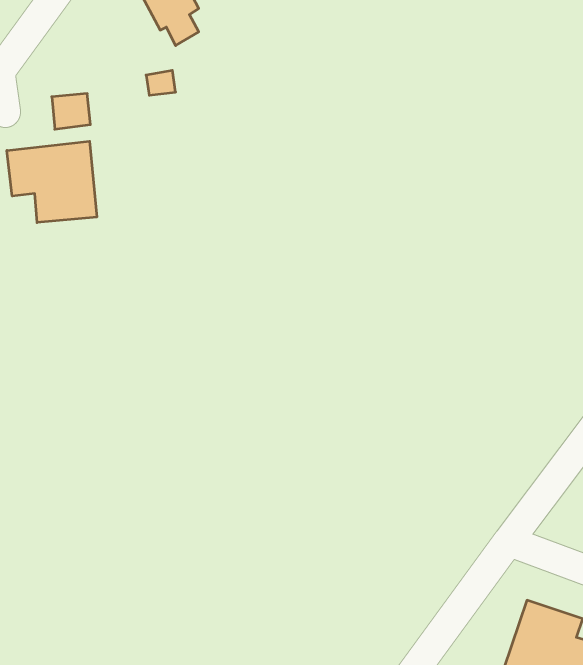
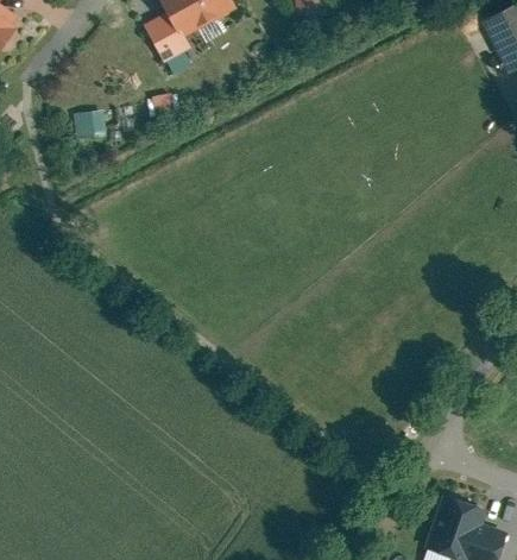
building: [7,141,97,223] -> none

